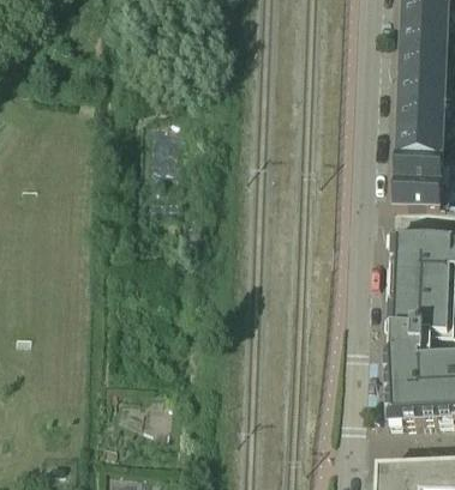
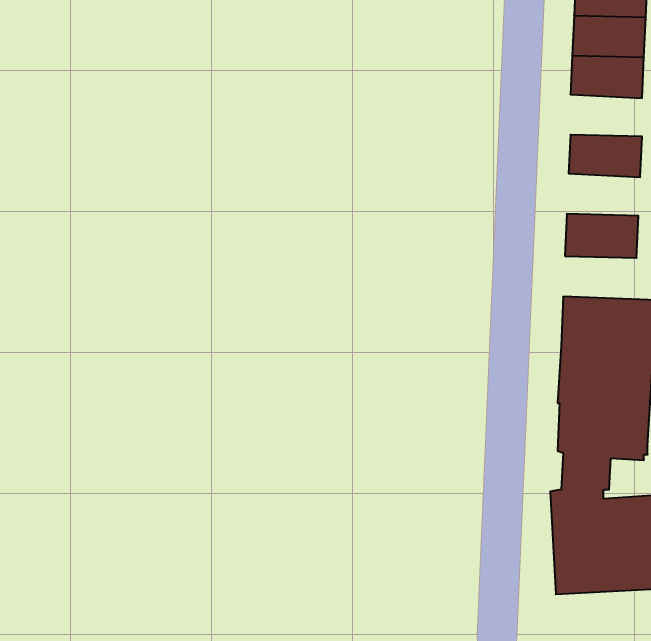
building: [397,96,444,123] -> none
building: [395,147,443,175] -> none

